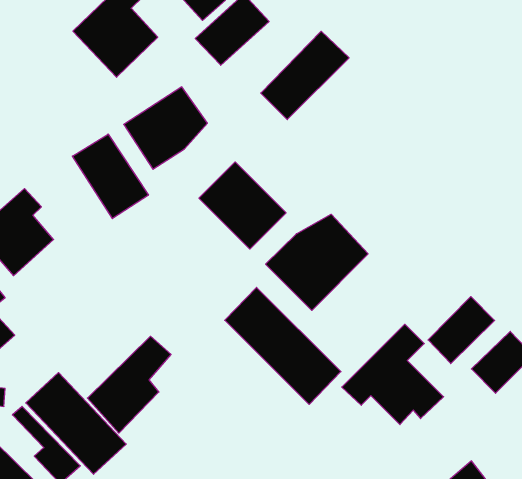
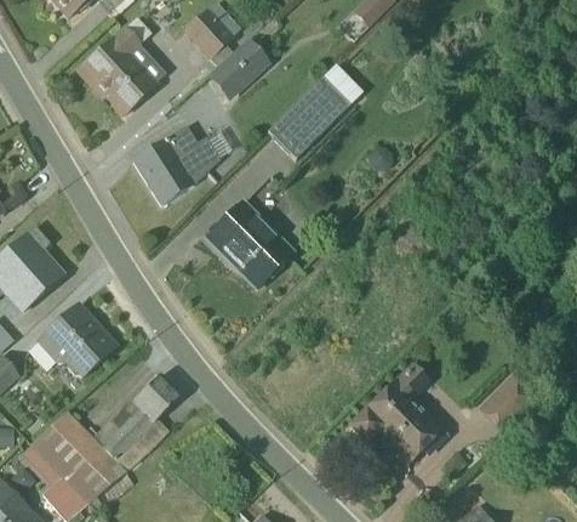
building: [72,134,148,219] -> none
building: [266,214,368,310] -> none
building: none -> [36,302,114,380]
building: [225,287,341,404] -> none
building: [428,297,495,364] -> none

